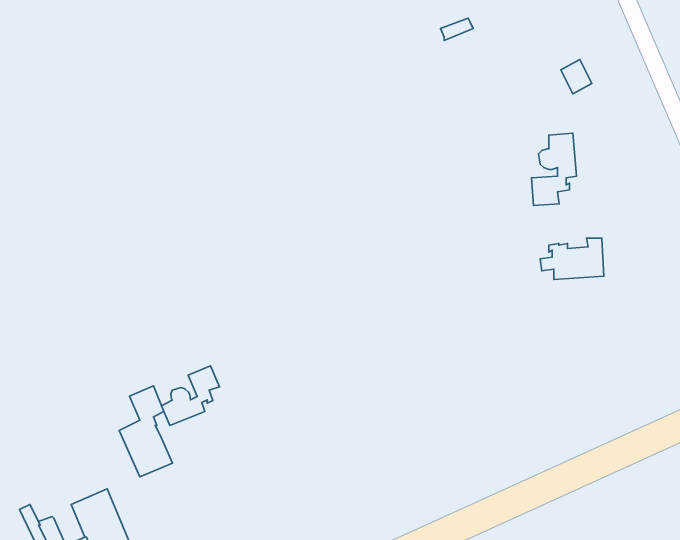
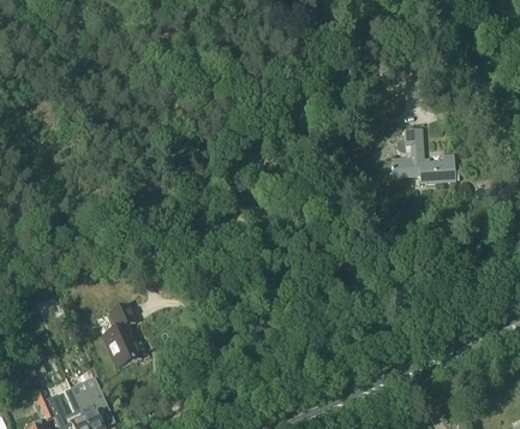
building: [540,238,604,279] -> [410,155,454,184]
building: [161,366,219,426] -> none

